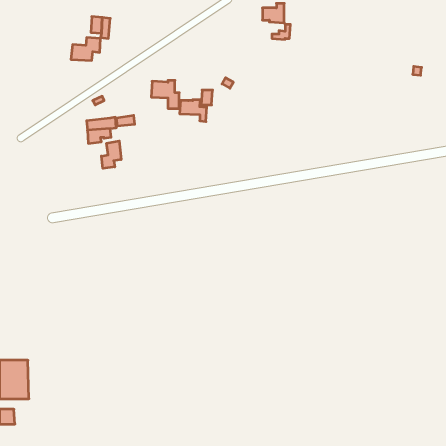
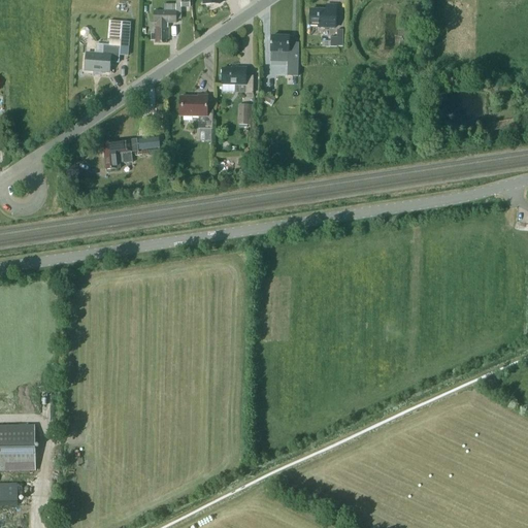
building: none -> [151,10,175,42]
building: none -> [270,35,298,75]
building: [180,100,207,122] -> [221,67,253,93]
building: [101,141,121,168] -> none

